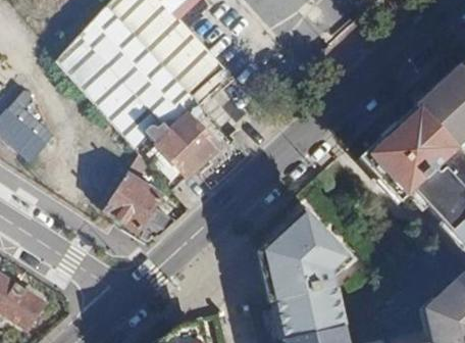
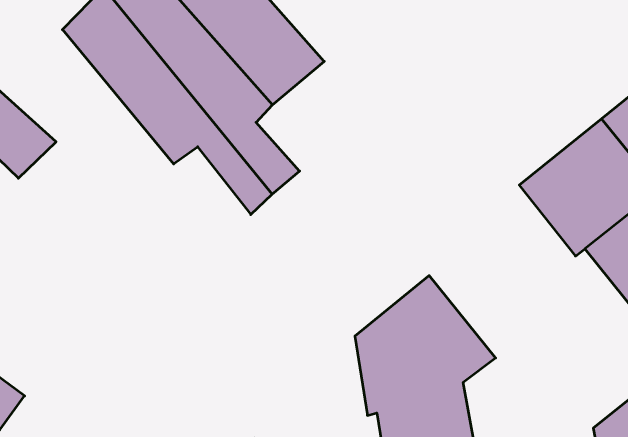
building: [109,169,175,236] -> none

